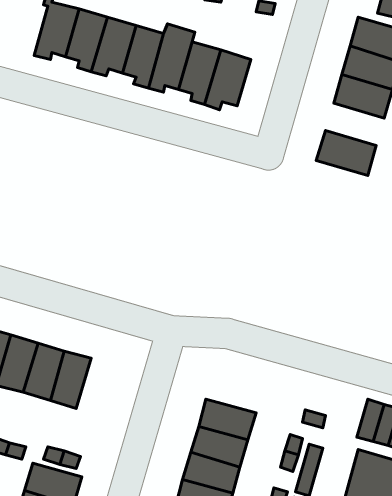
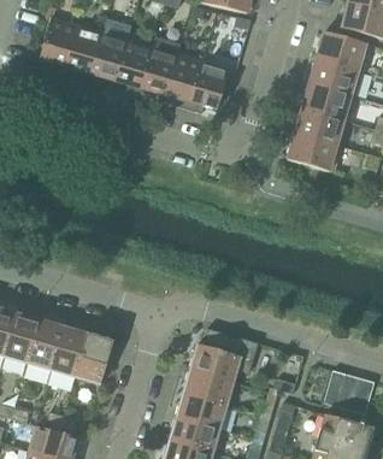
building: none -> [295,107,347,145]
building: none -> [189,328,258,381]
building: none -> [75,333,113,384]

